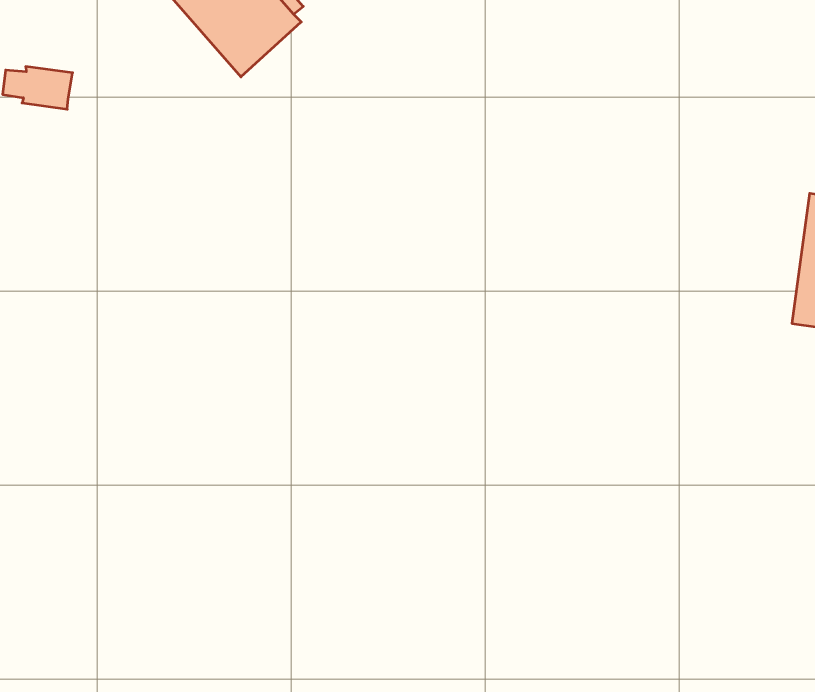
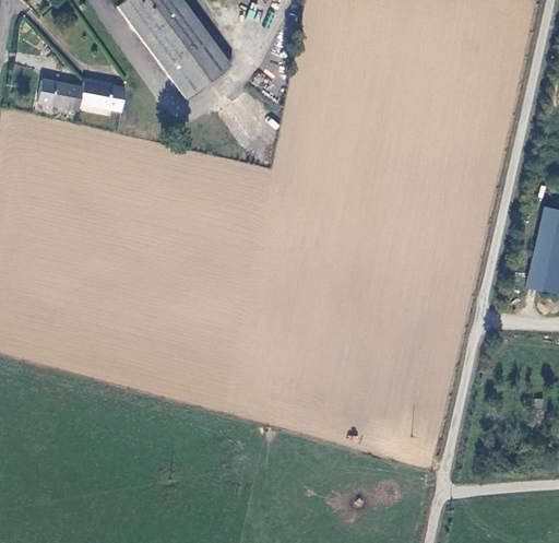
building: none -> [76,82,122,115]

